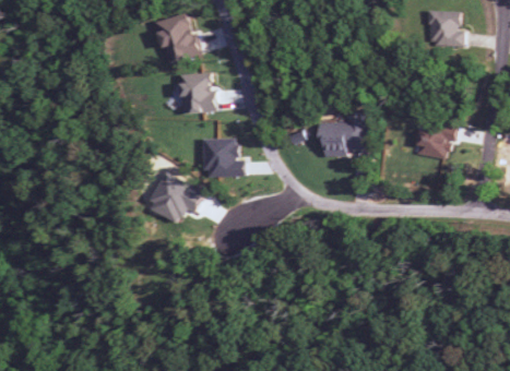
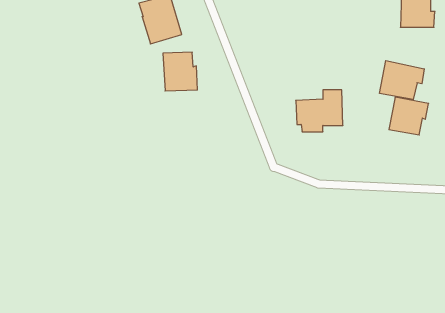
building: none -> [380,61,424,100]
building: [203,139,244,177] -> none
building: [147,173,204,224] -> none

